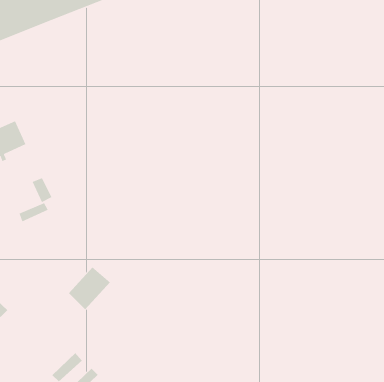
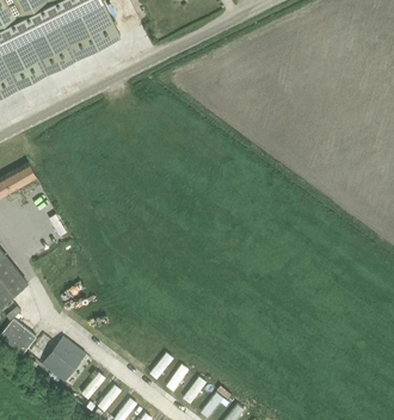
building: [68,266,111,310] -> [43,338,81,378]

